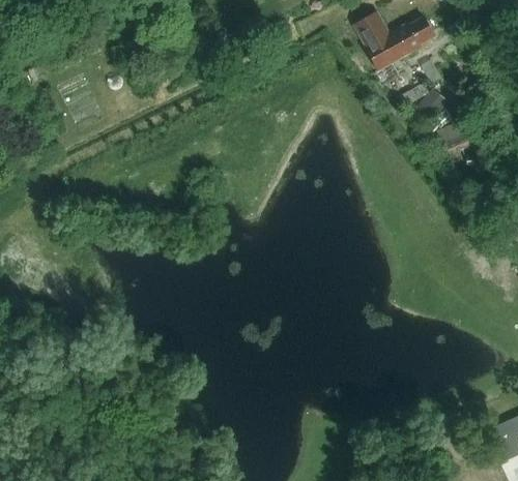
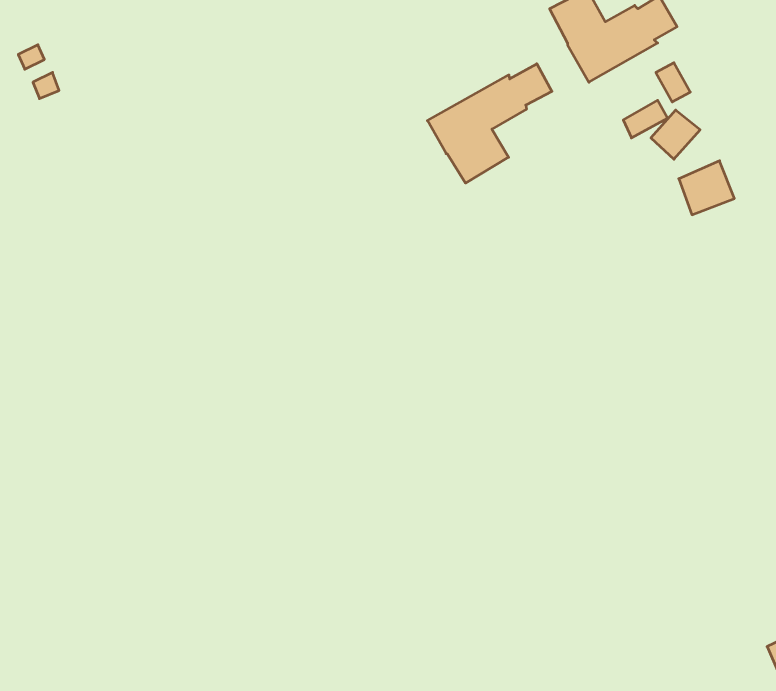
building: none -> [427,64,552,183]

